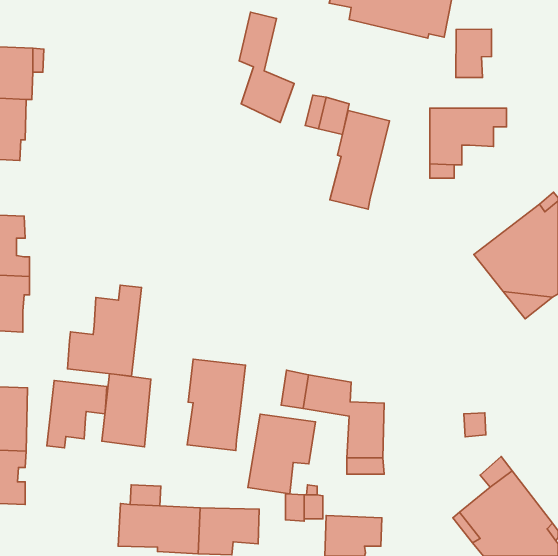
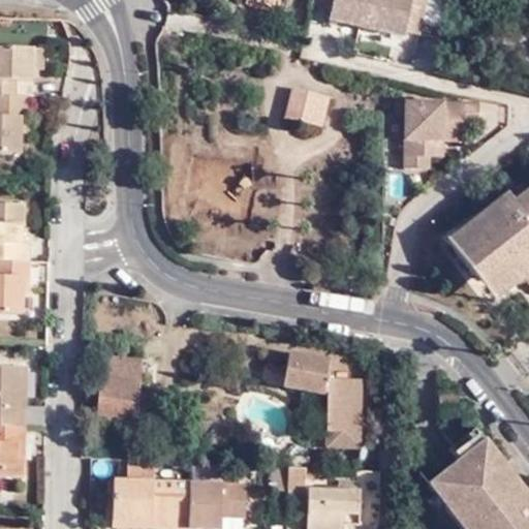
building: [239,12,294,123] -> none
building: [456,29,491,77] -> none
building: [330,110,390,209] -> none
building: [68,285,142,376] -> none
building: [187,359,246,450] -> none
building: [47,381,107,448] -> none
building: [248,414,316,494] -> none

